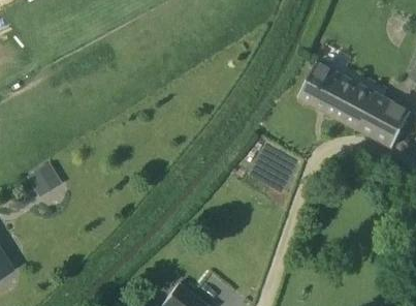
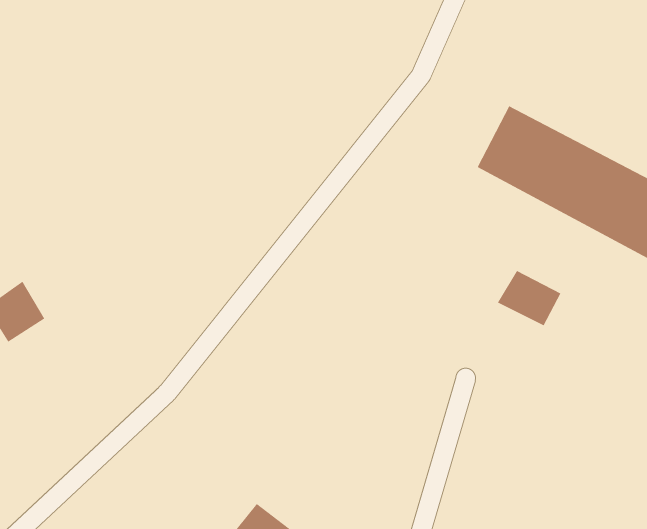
building: none -> [497,270,561,326]

